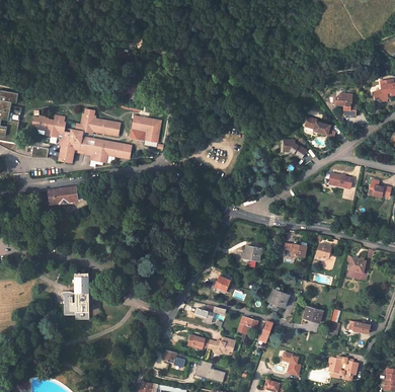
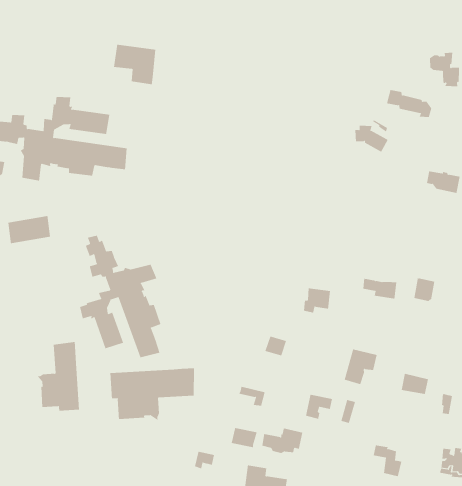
building: [132,114,161,143] -> [113,44,156,85]
building: none -> [79,235,161,358]
building: none -> [110,367,194,421]

